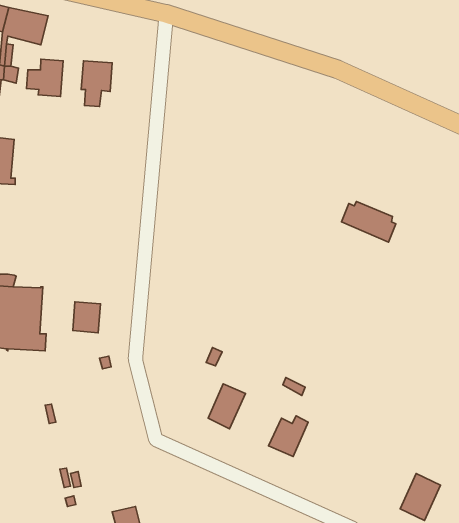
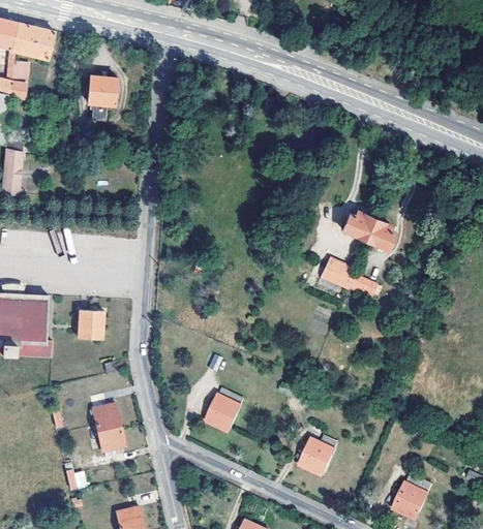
building: [27,59,63,96] -> none
building: none -> [318,258,379,295]
building: none -> [92,402,124,450]
building: [269,416,308,456] -> [302,436,340,475]

